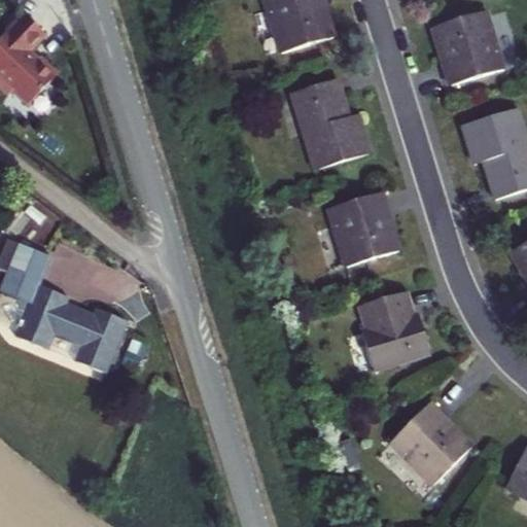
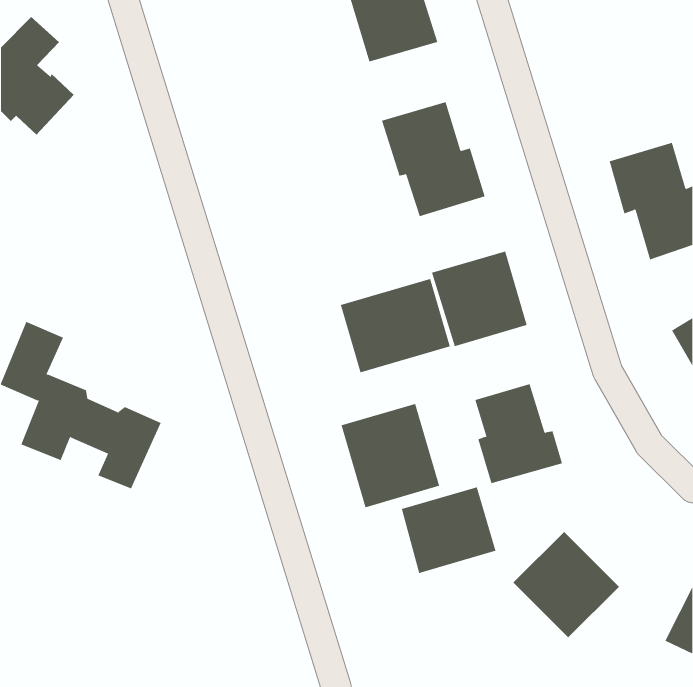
building: [432,11,501,83] -> none
building: none -> [340,278,450,373]
building: none -> [341,403,440,508]
building: none -> [401,486,496,574]

